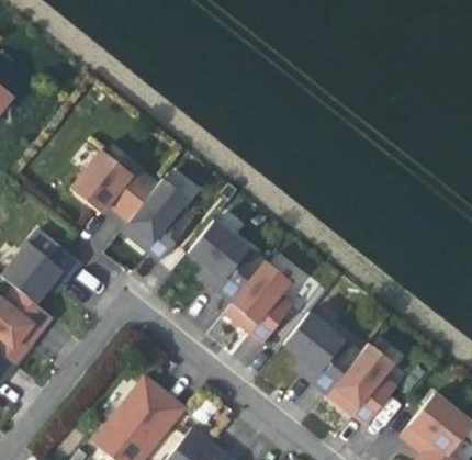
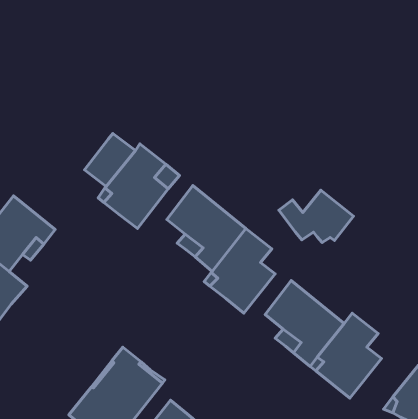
building: [70,150,132,213] -> none
building: none -> [279,190,354,242]

